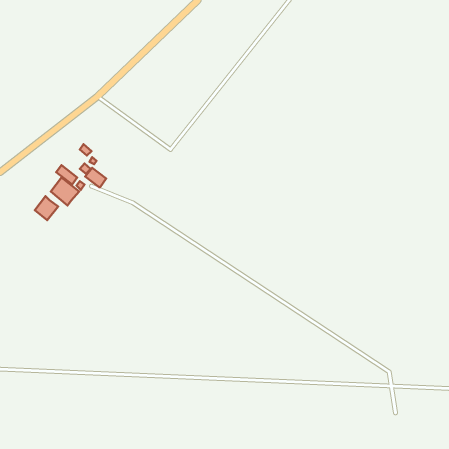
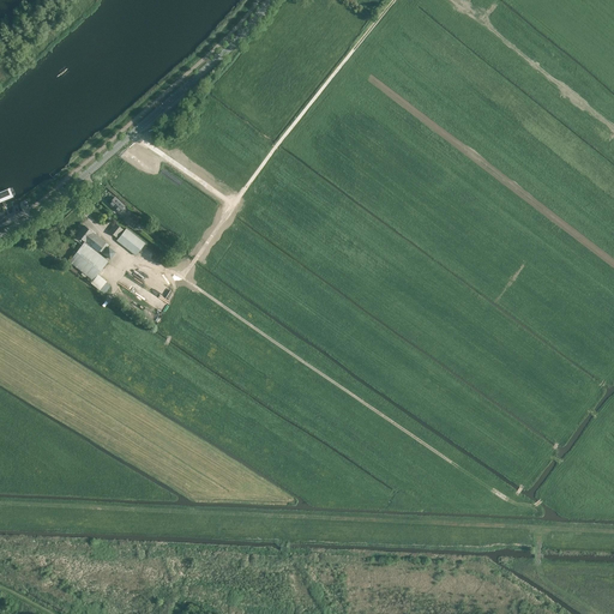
building: [35,196,58,220] -> none

